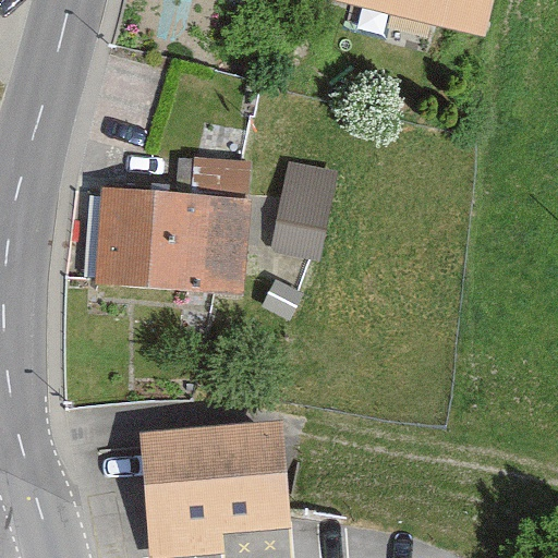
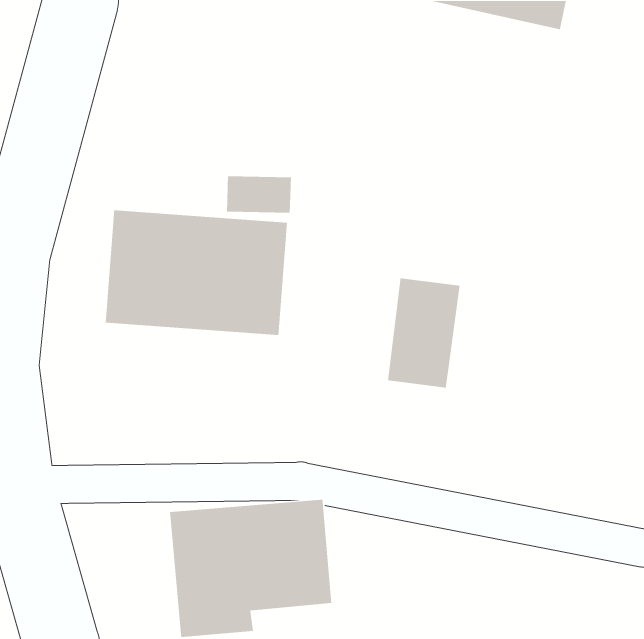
building: [275,159,338,255] -> [387,277,460,389]

